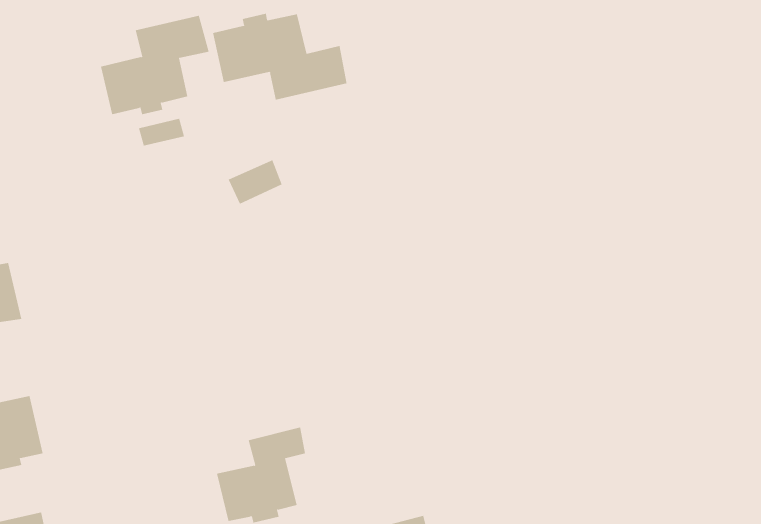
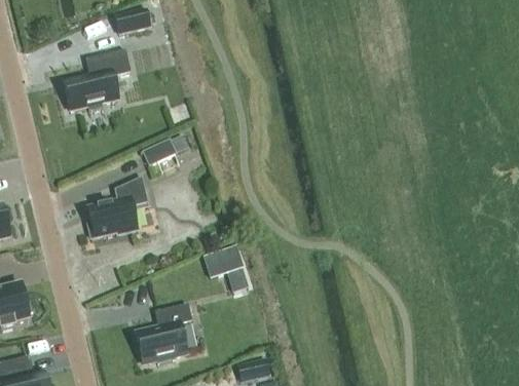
building: [212,13,347,100] -> none
building: none -> [87,176,151,236]
building: none -> [205,246,242,275]

